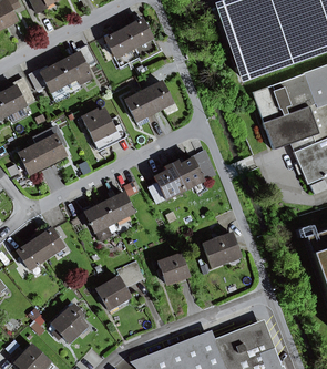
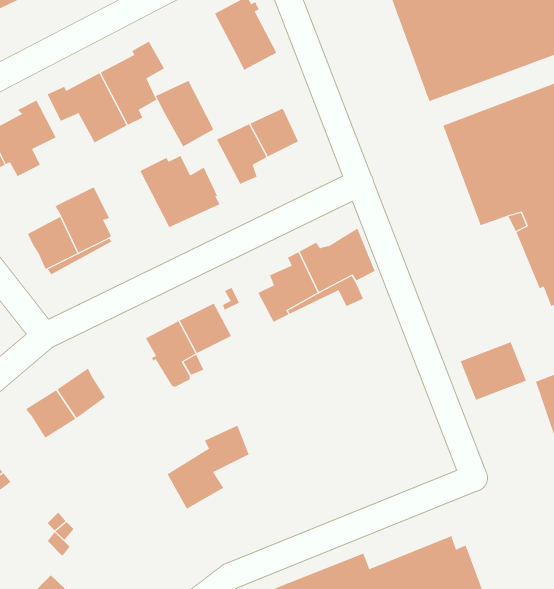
building: [104,29,137,66] -> [155,80,214,147]
building: [202,233,239,266] -> [460,341,527,400]
building: [157,254,187,283] -> none
building: [51,304,85,341] -> none

